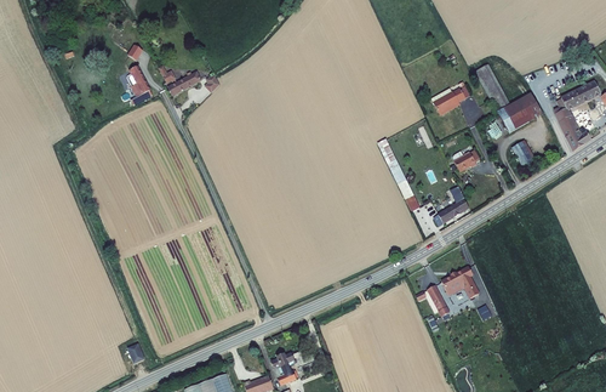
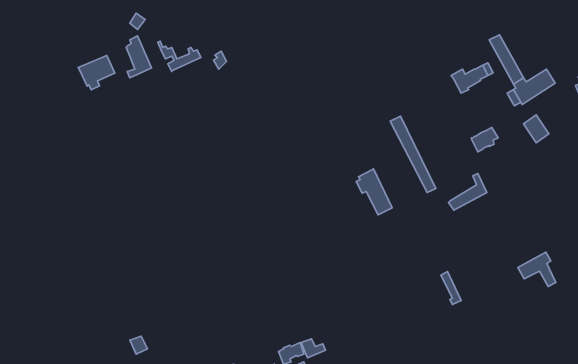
building: none -> [78,56,115,90]
building: none -> [356,169,392,215]
building: [441,266,478,299] -> [518,252,556,286]

